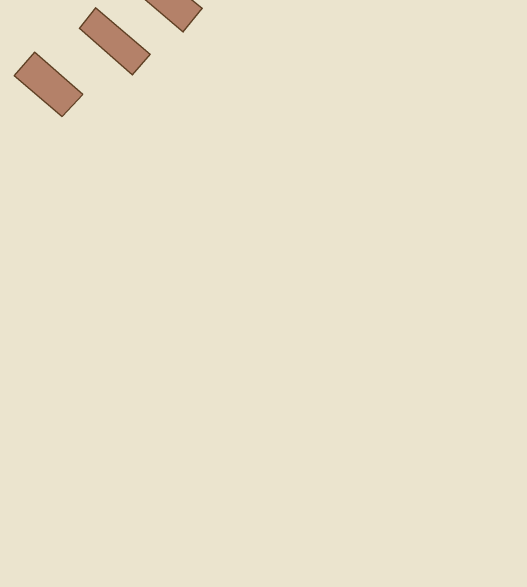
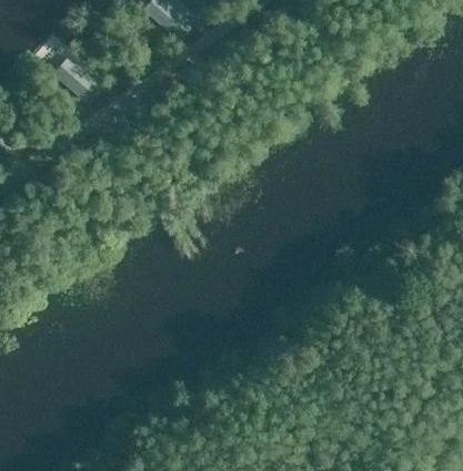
building: [79,8,150,75] -> none

